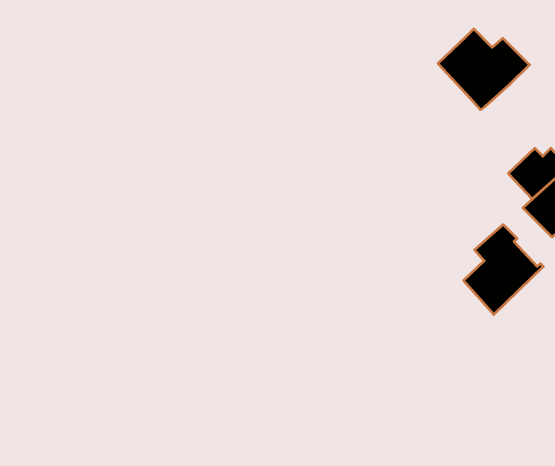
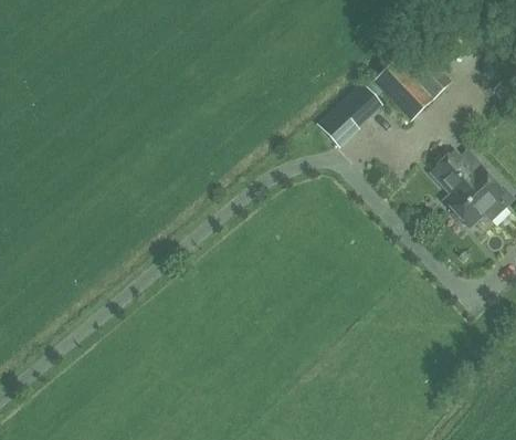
building: none -> [323,84,380,143]
building: [464,225,543,315] -> none

